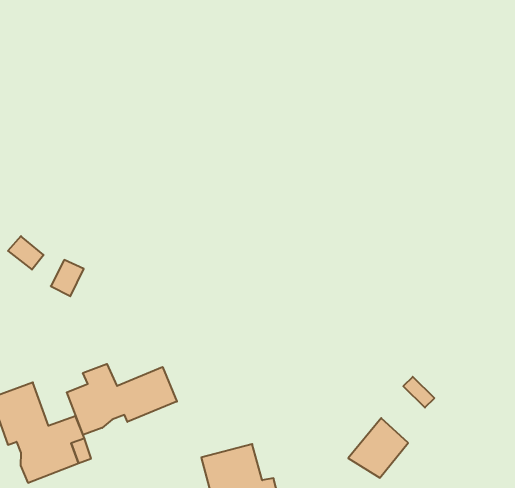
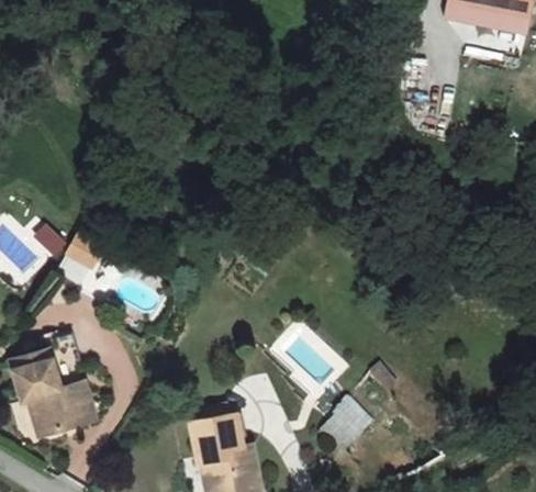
building: [67,364,177,435] -> none

